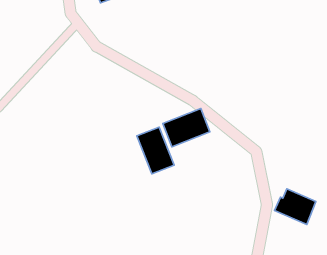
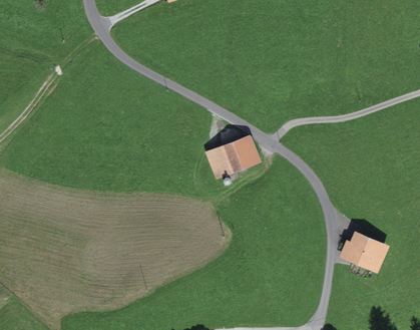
building: [137,127,174,174] -> none

